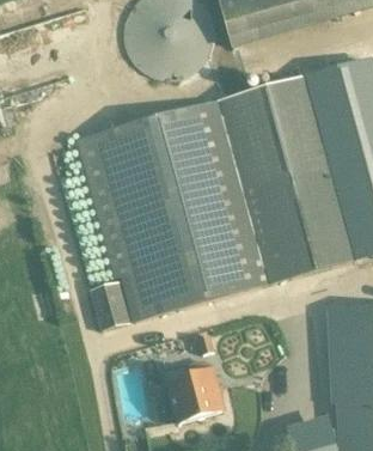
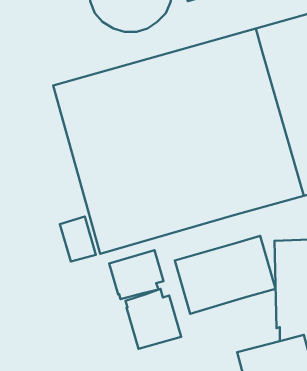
building: none -> [175,236,276,314]
building: none -> [109,250,163,299]

